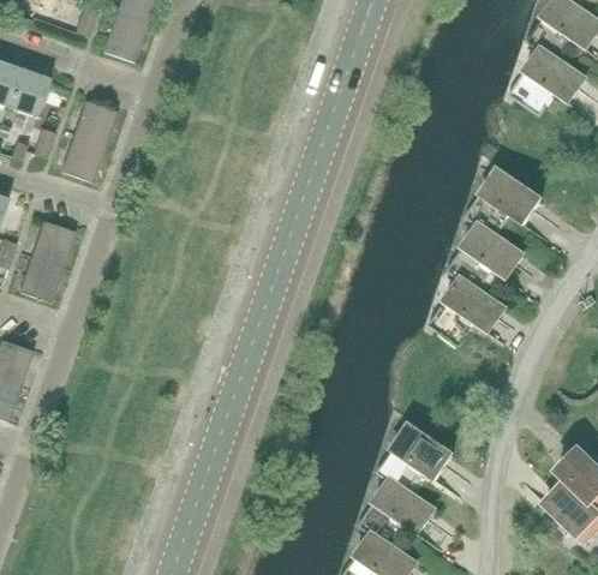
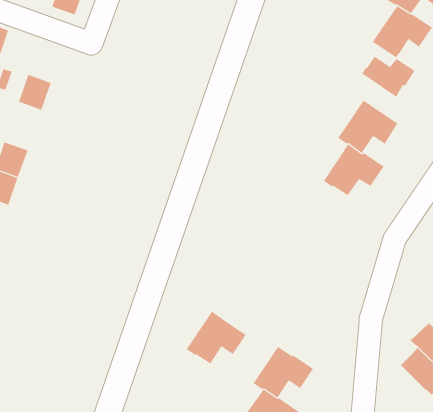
building: [73,100,115,145] -> none
building: none -> [361,56,415,97]
building: [427,276,506,345] -> none
building: [376,423,453,490] -> [186,311,247,364]

